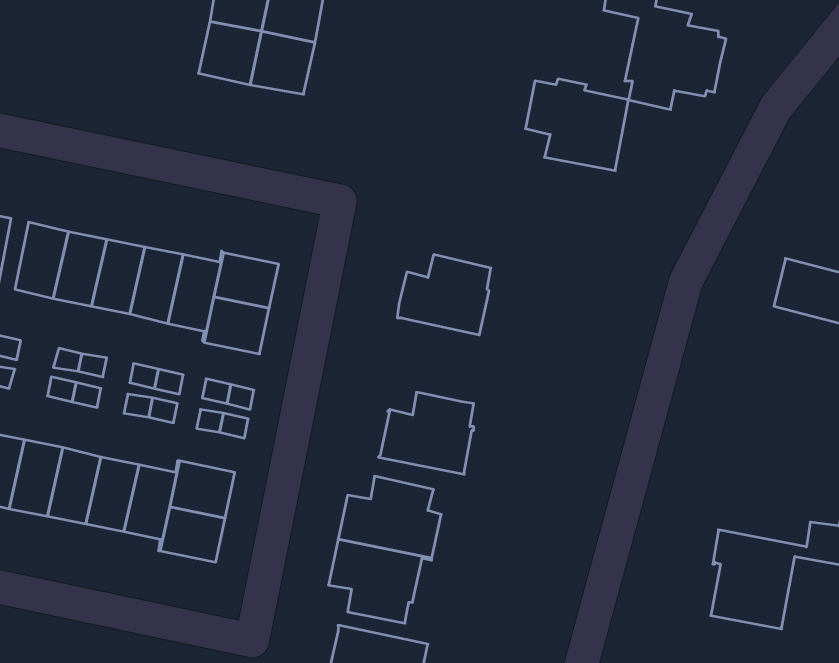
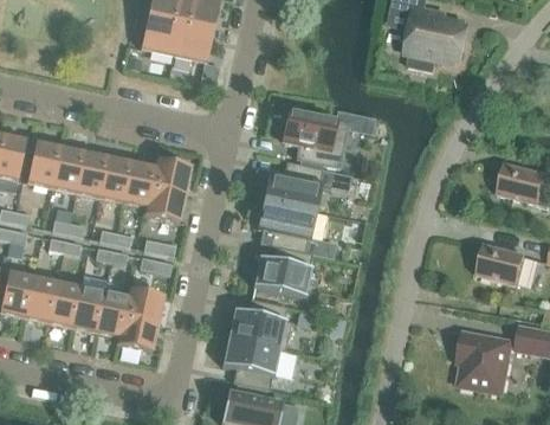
building: [525,79,629,171] -> [284,109,348,166]
building: none -> [258,199,315,251]
building: none -> [475,243,525,283]

